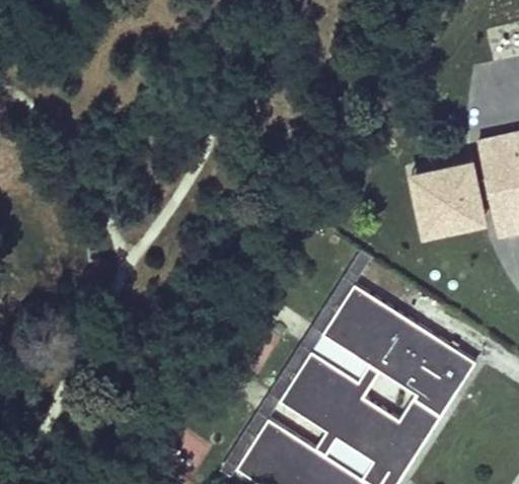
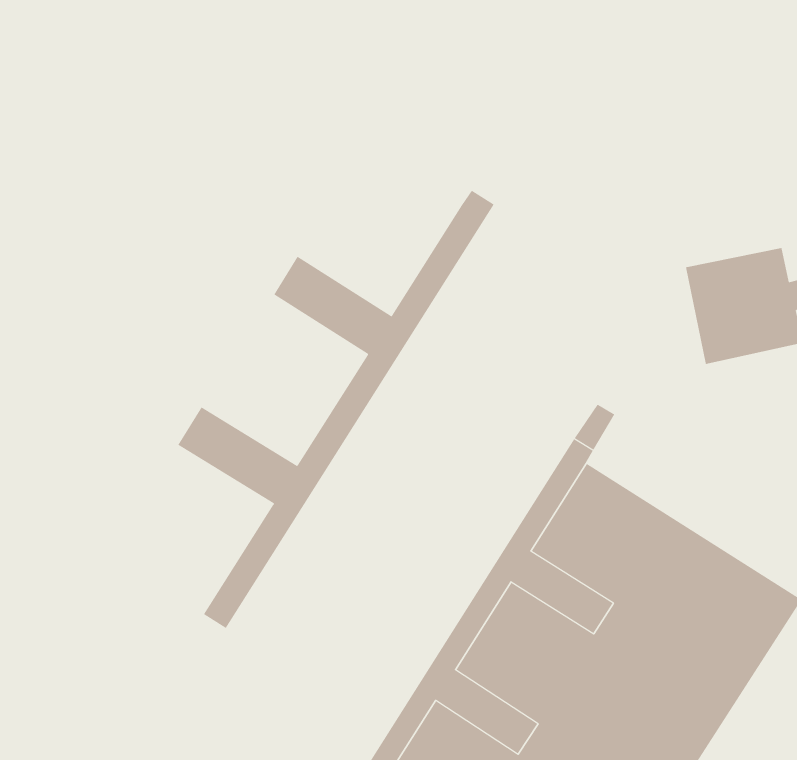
building: none -> [177,190,494,629]

